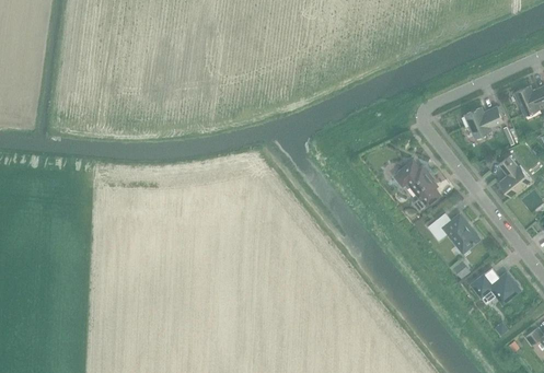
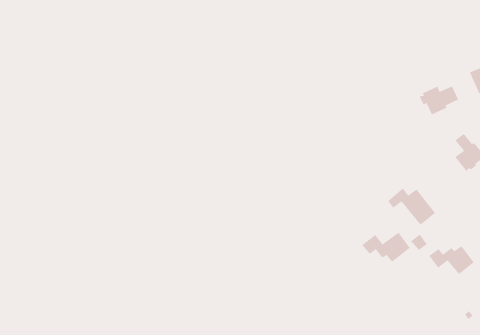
building: [395,160,439,210] -> none
building: none -> [362,232,410,263]

